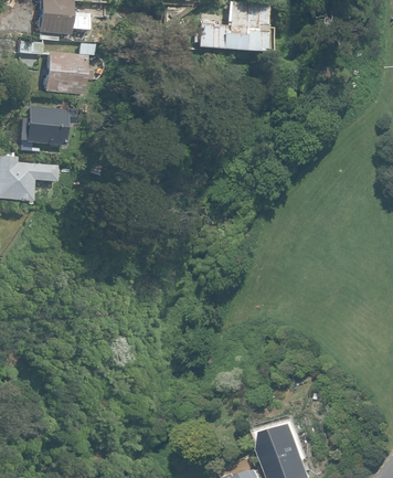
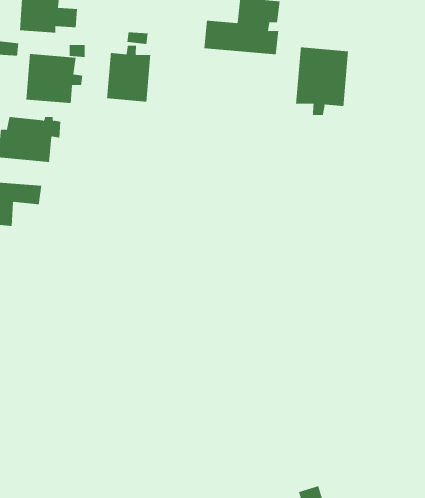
building: none -> [107,45,151,102]
building: none -> [295,46,349,116]

